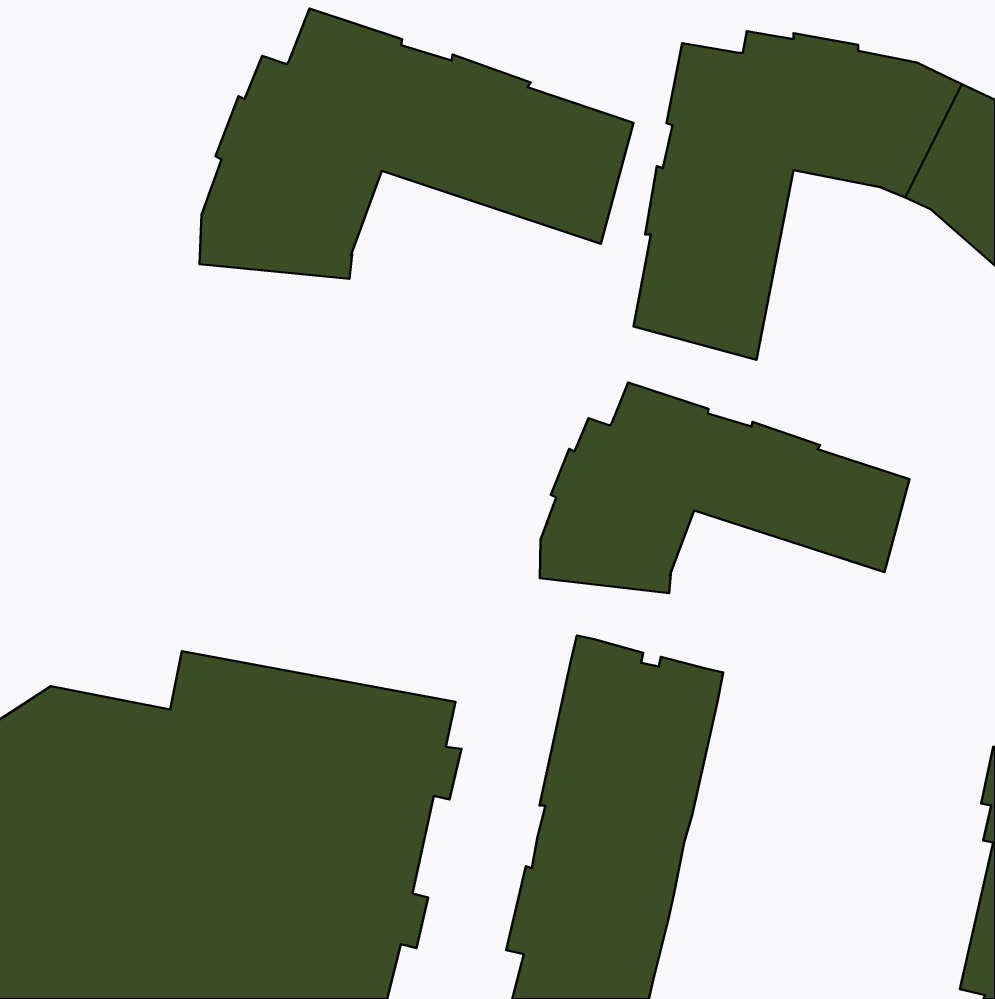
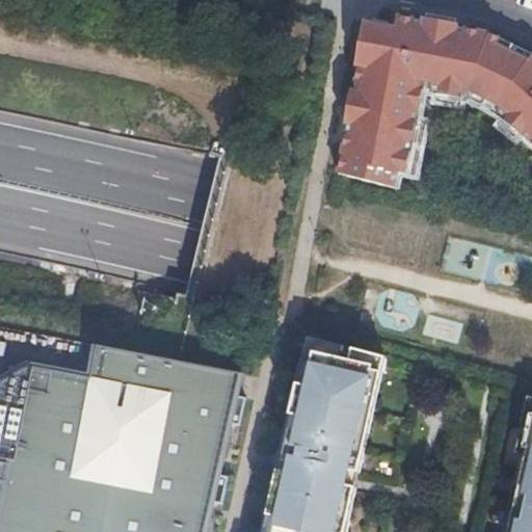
building: [200,8,633,279] -> none
building: [540,383,909,593] -> none

